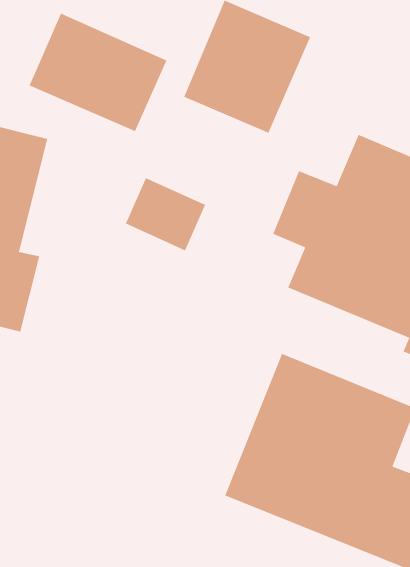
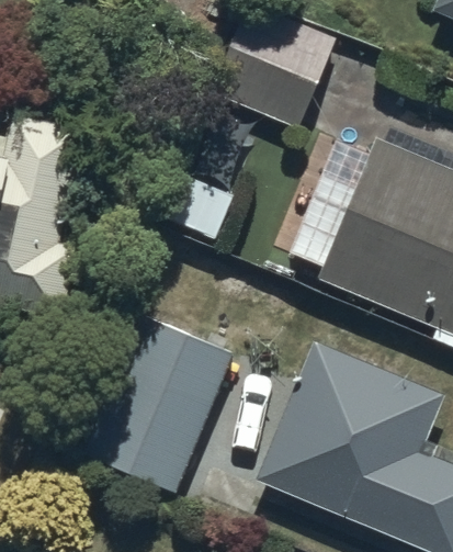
building: [29,13,167,132] -> none
building: none -> [78,313,233,491]

